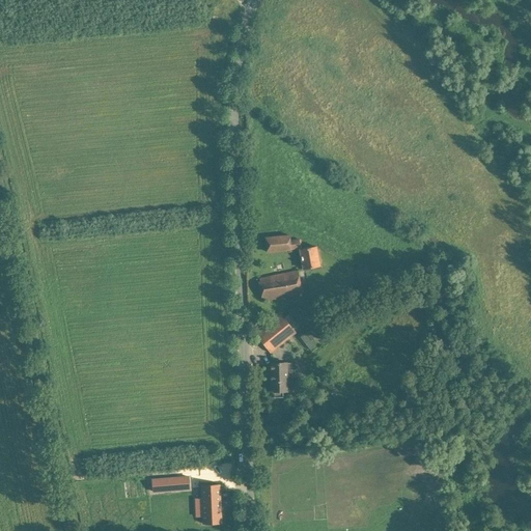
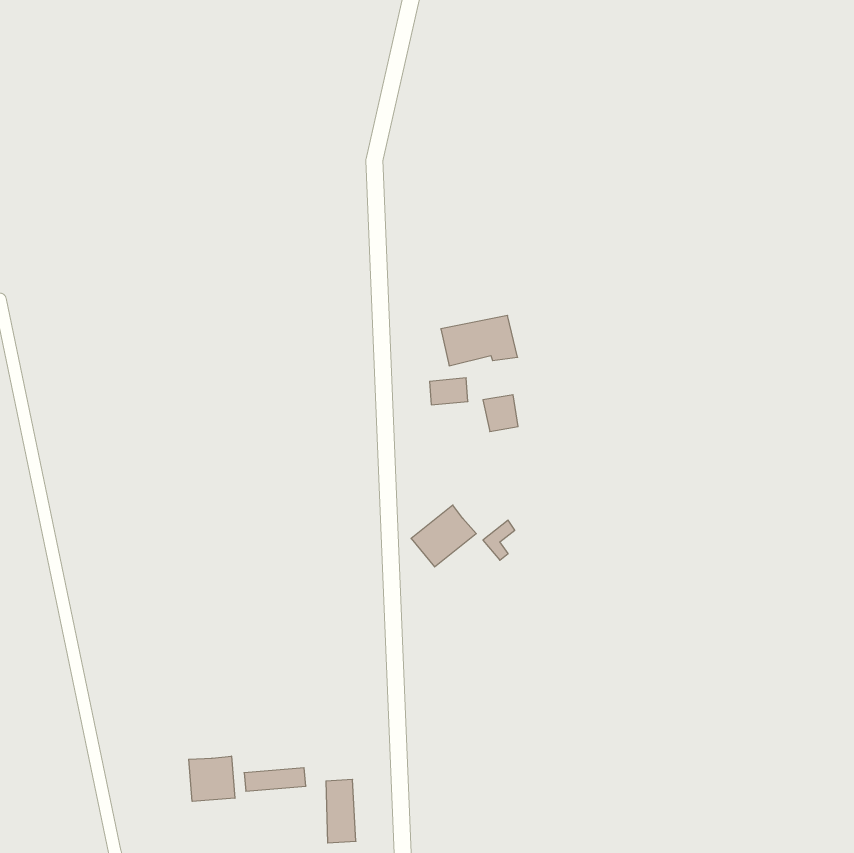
building: [256,270,304,301] -> [441,315,518,366]
building: [271,362,292,396] -> none
building: none -> [189,756,235,801]

